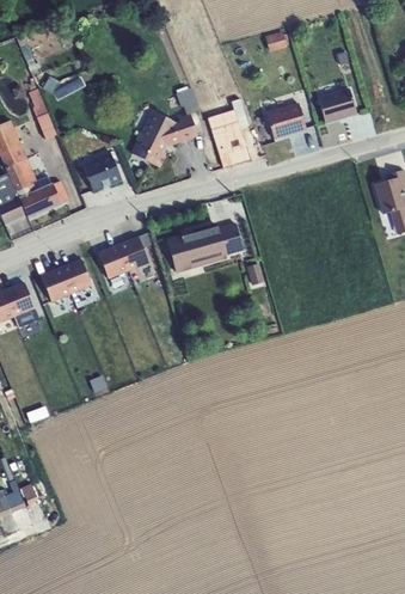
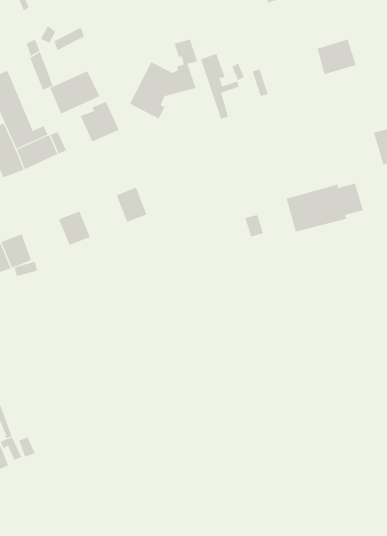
building: [266,103,307,140] -> none
building: none -> [49,71,100,114]
building: [223,136,251,166] -> none
building: [166,223,244,272] -> [286,183,364,232]
building: [98,244,129,278] -> none
building: [42,268,72,301] -> none

